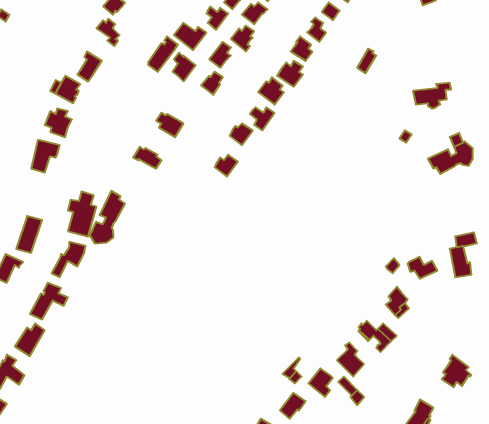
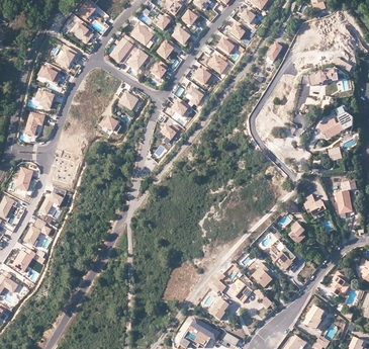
building: [90,191,125,244] -> none

